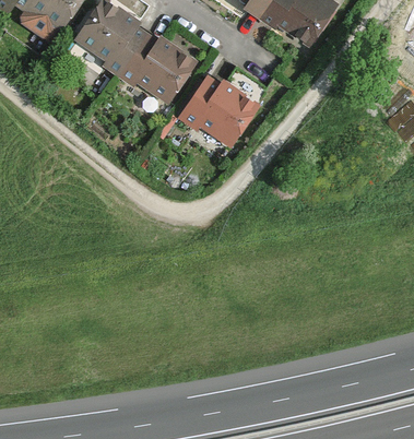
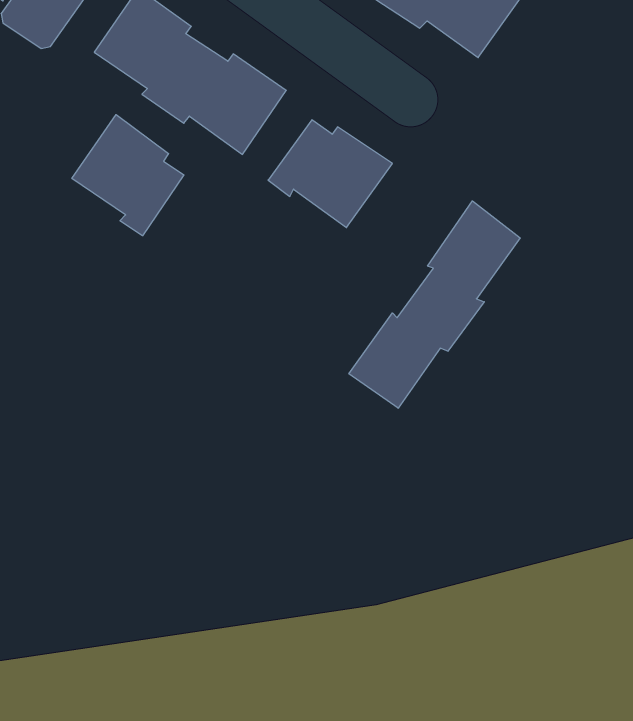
building: none -> [72,115,184,236]
building: none -> [349,201,520,408]

